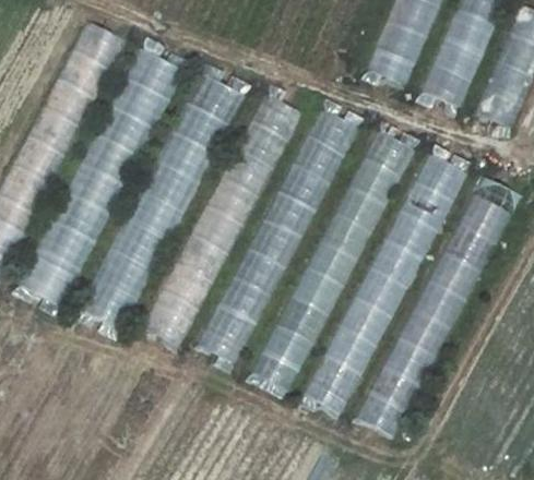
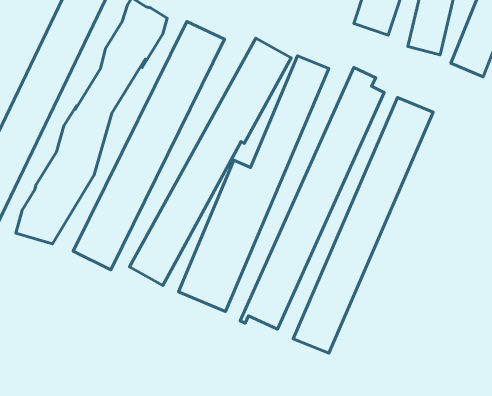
building: [365,173,507,436] -> none

